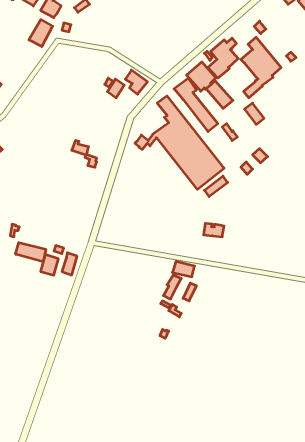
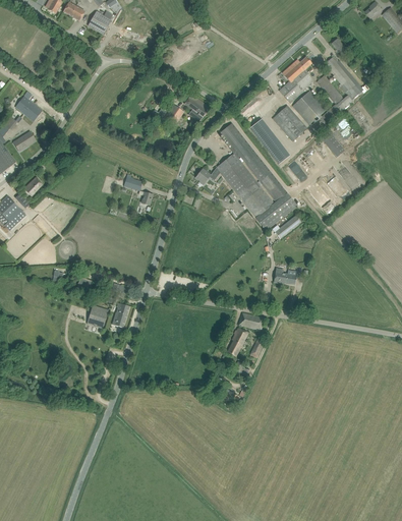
building: [29,20,53,47] -> none
building: [187,62,216,91] -> [292,91,326,124]
building: [16,243,46,262] -> none

